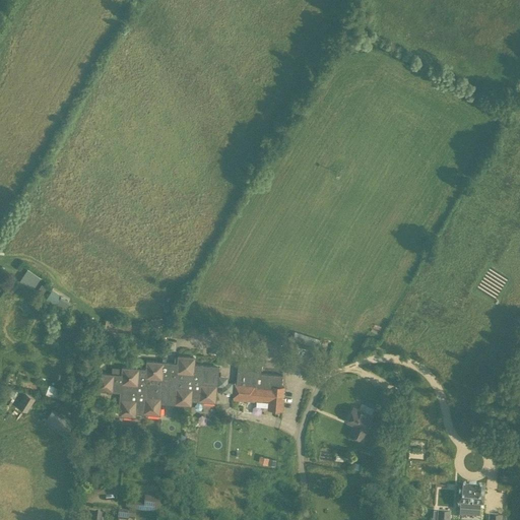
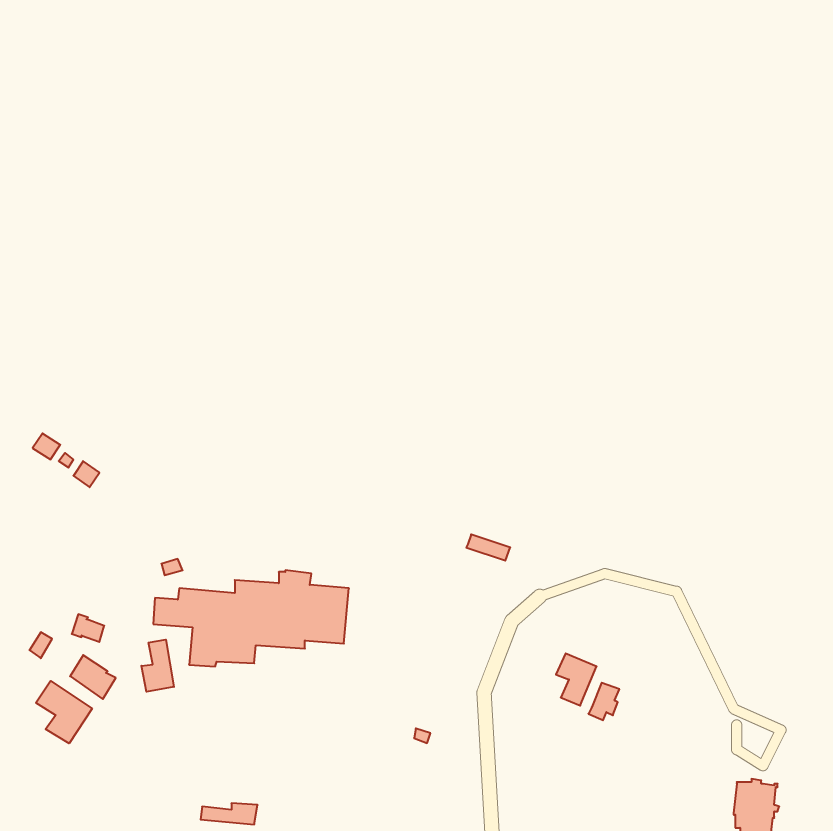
building: [233,361,283,411] -> none
building: none -> [141,640,174,692]
building: none -> [36,681,92,743]

